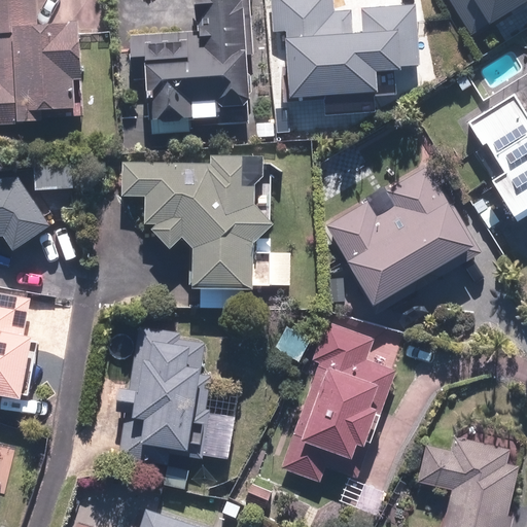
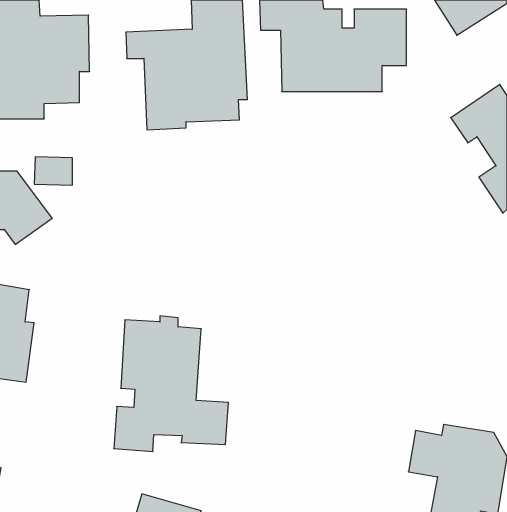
building: [119,152,290,288] -> none
building: [326,162,479,307] -> none
building: [278,322,394,483] -> none

